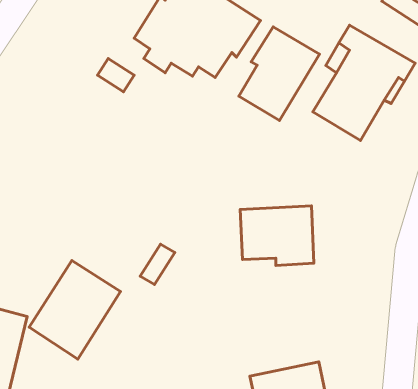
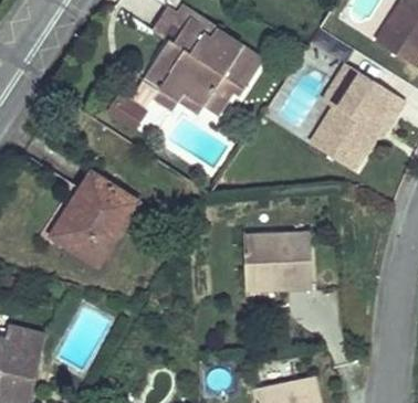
building: [239,27,319,121] -> none
building: [29,260,121,359] -> [52,172,137,264]

